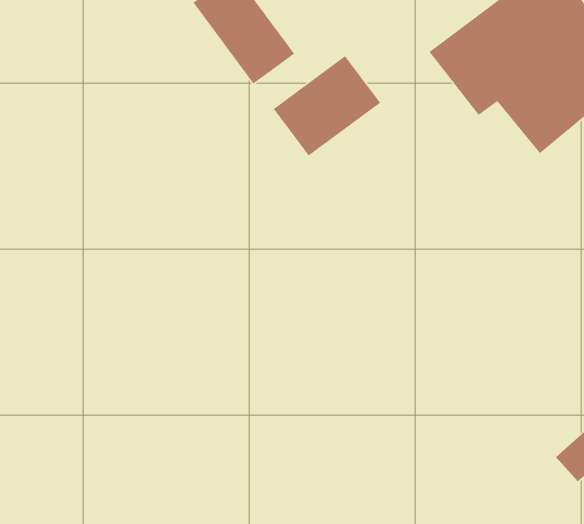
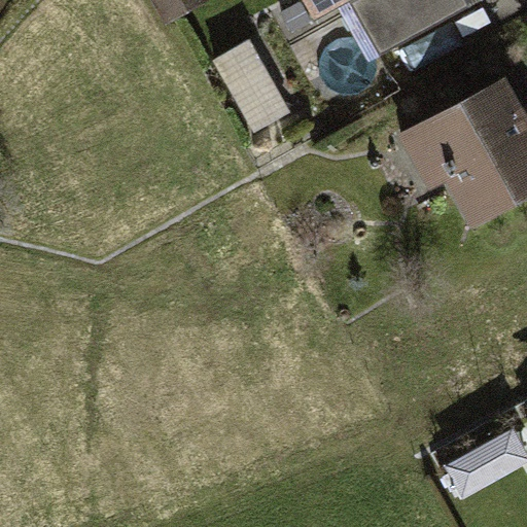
building: [273,55,381,156] -> none

